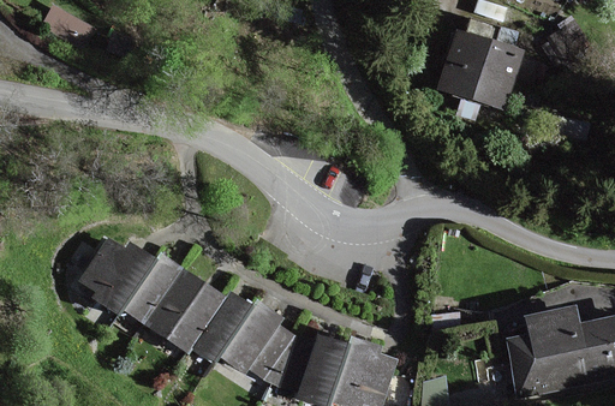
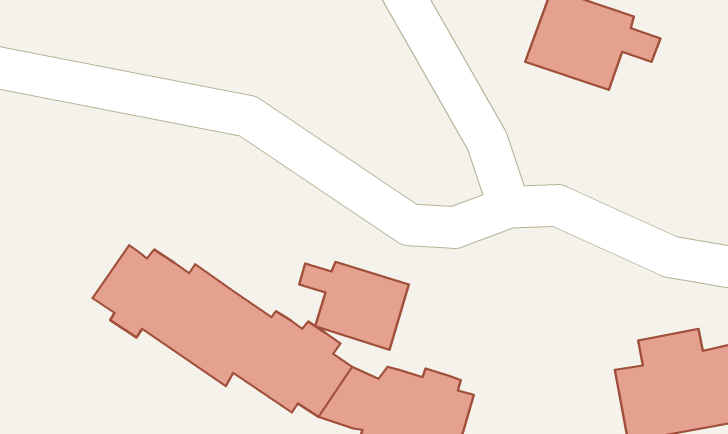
building: none -> [299,262,409,350]

